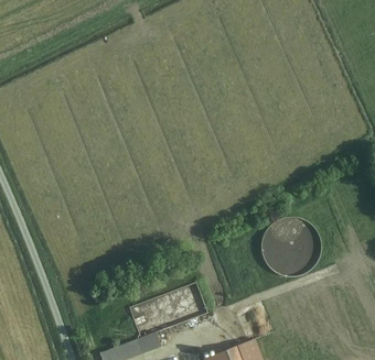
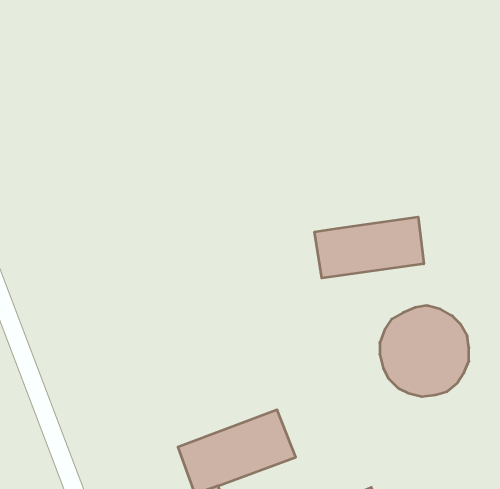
building: none -> [315,217,424,278]

